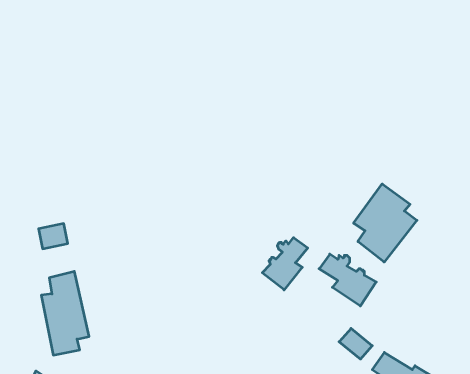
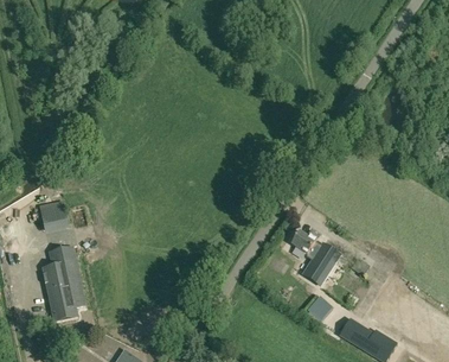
building: [354,184,417,262] -> none
building: [262,238,308,290] -> none

